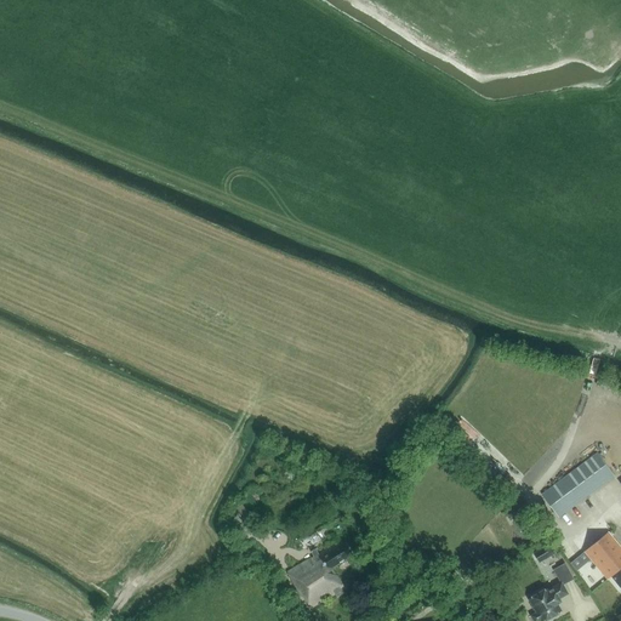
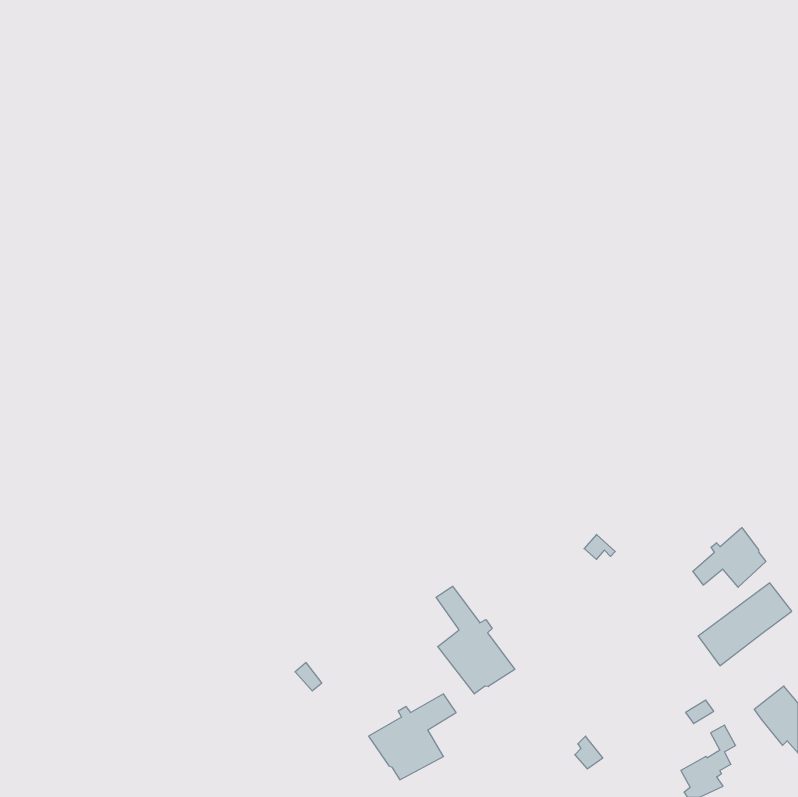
building: none -> [693,528,766,587]
building: none -> [436,586,515,694]

